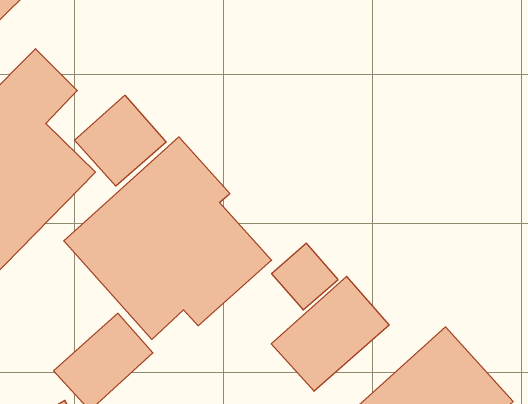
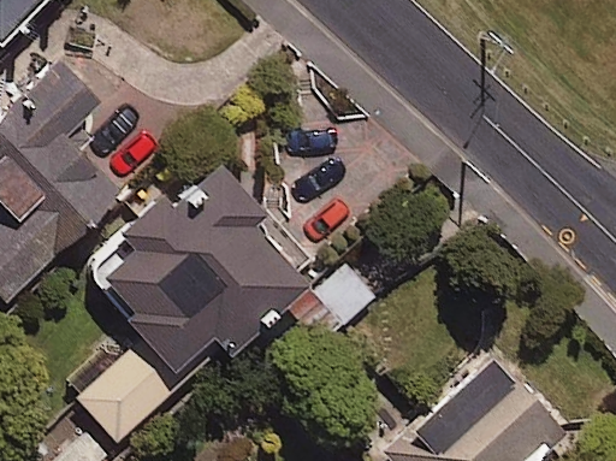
building: [75,95,166,186] -> none
building: [271,276,389,391] -> none

